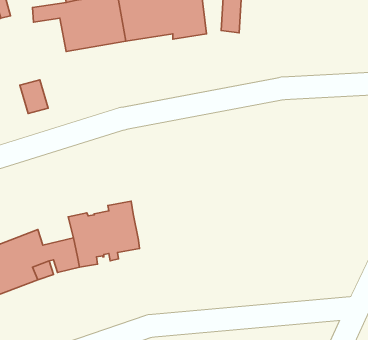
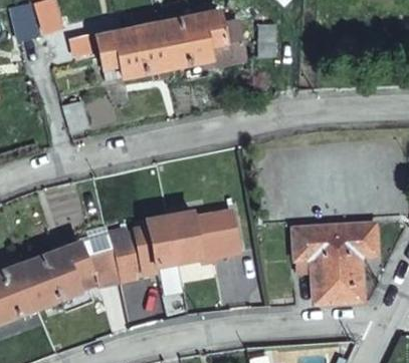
building: none -> [168,213,238,263]
building: none -> [293,224,377,302]

